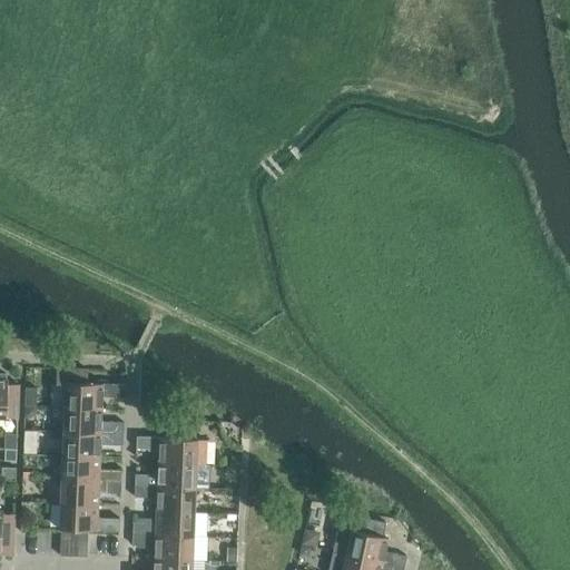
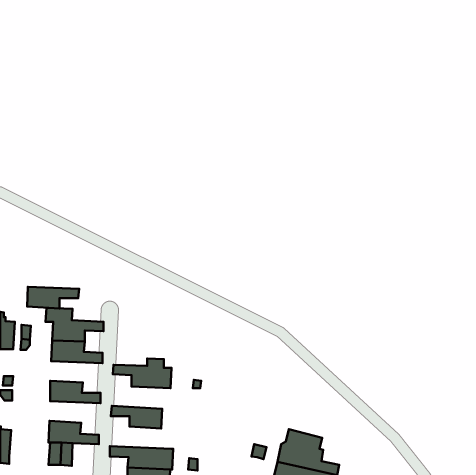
building: [60,433,122,459] -> [27,287,79,308]
building: [134,463,209,490] -> none
building: [59,481,120,507] -> none
building: [131,511,206,538] -> none

